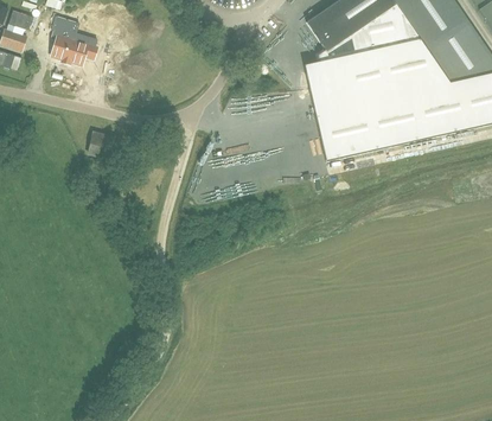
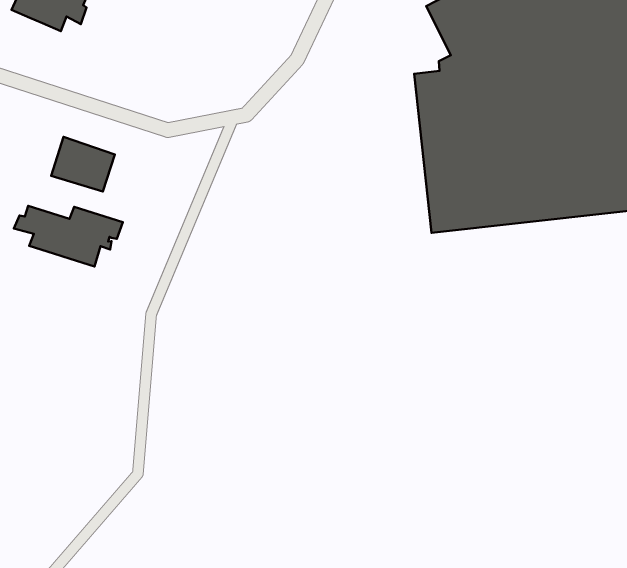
building: none -> [14,206,123,266]

